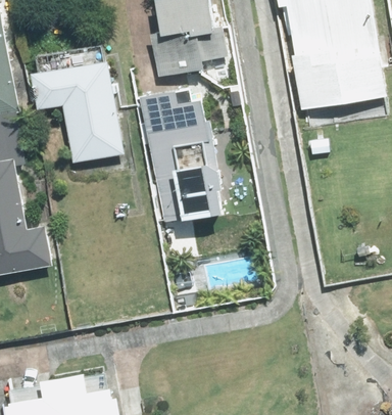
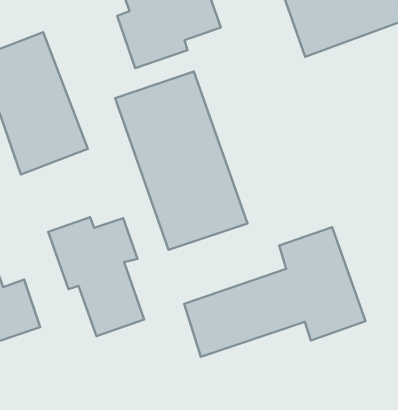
building: none -> [48,217,144,336]
building: none -> [184,227,365,357]

